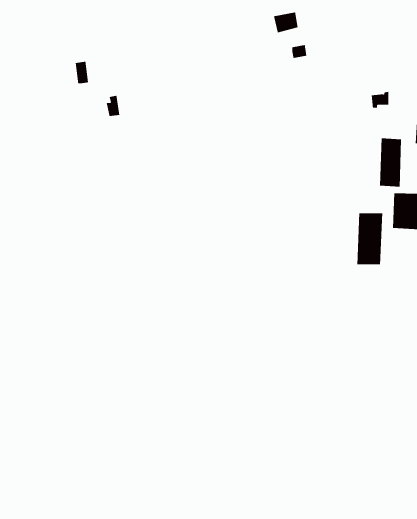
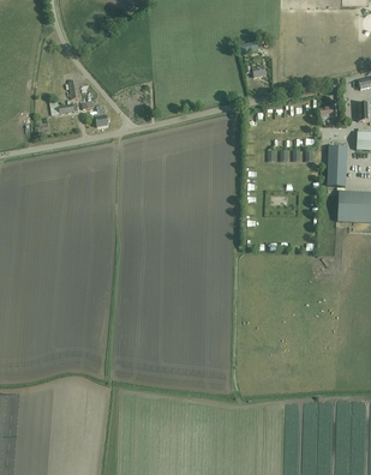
building: [357,212,383,265] -> none

